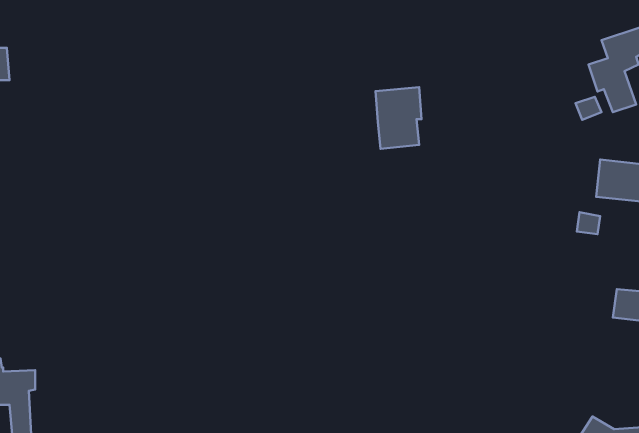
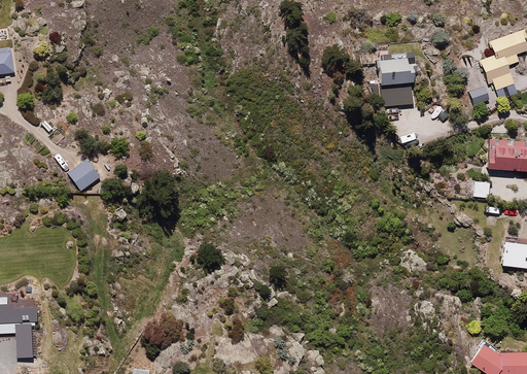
building: [375,87,422,149] -> [378,57,415,106]
building: none -> [67,160,100,192]

